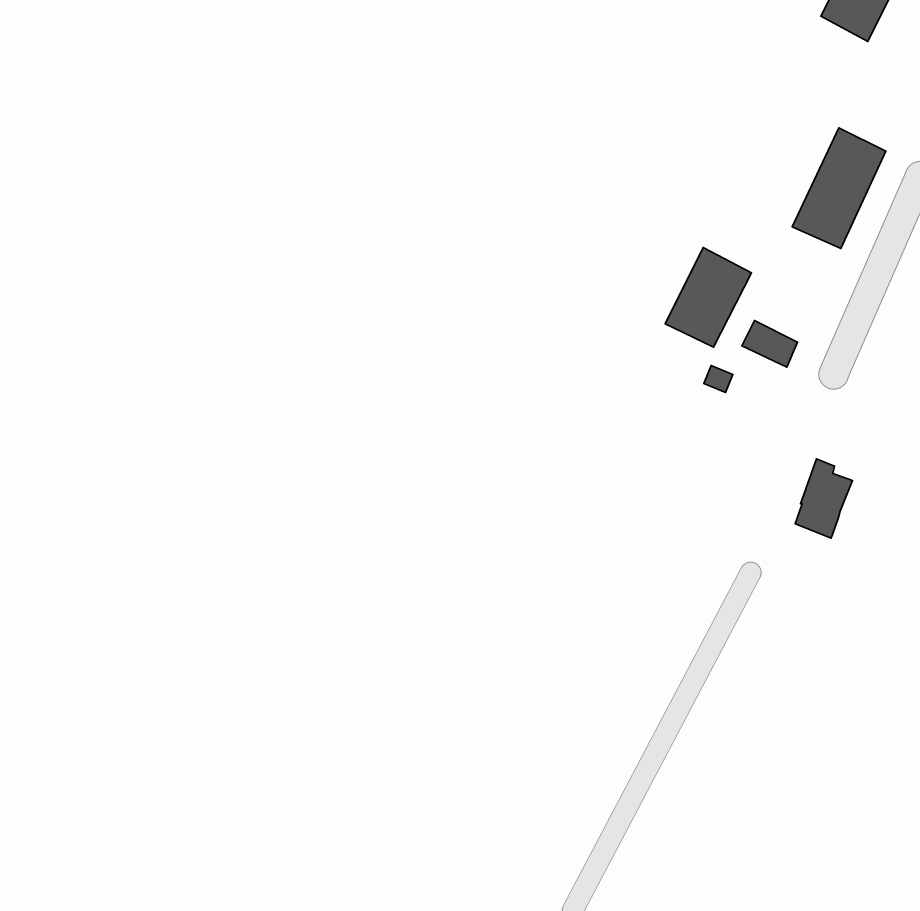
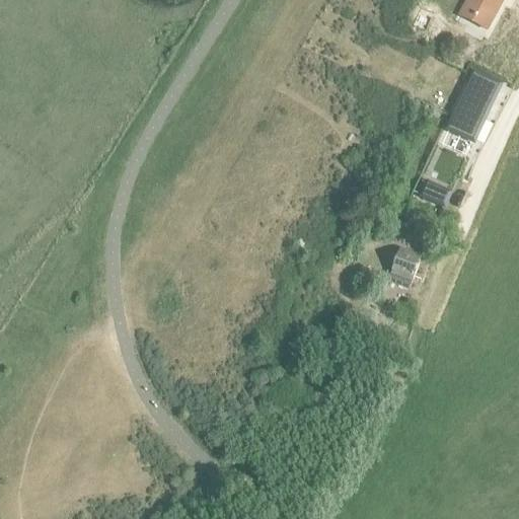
building: [665,248,752,347] -> none
building: [795,459,853,538] -> [387,246,420,291]

